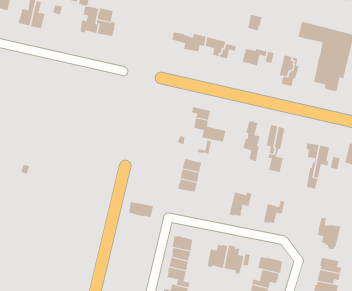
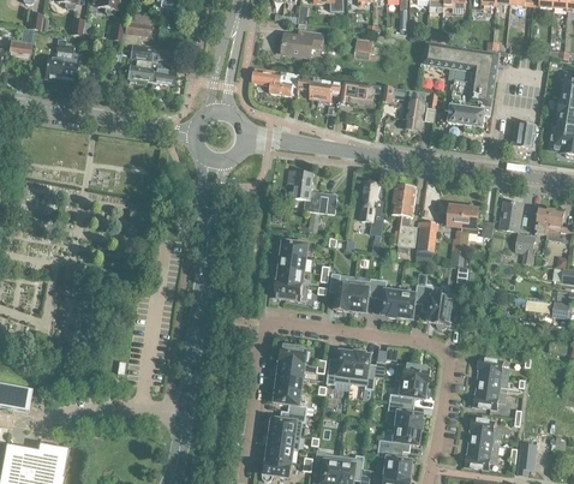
building: none -> [281,30,323,56]
building: none -> [415,221,438,262]
building: none -> [329,274,354,312]
building: none -> [376,280,400,318]
building: [128,201,154,218] -> [274,281,307,301]
building: [317,218,341,250] -> [421,287,453,329]

